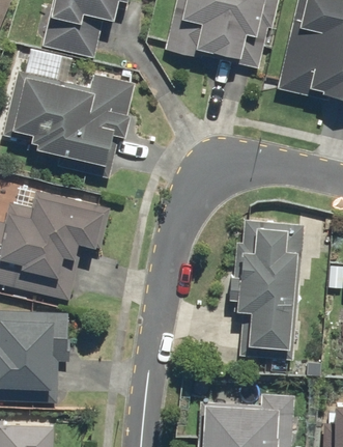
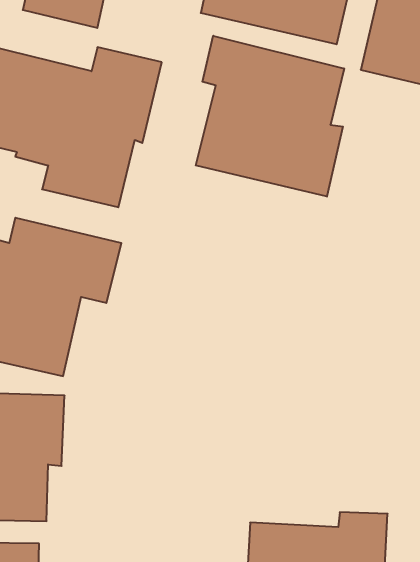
building: none -> [196,36,344,197]
building: [230,220,304,362] -> none

